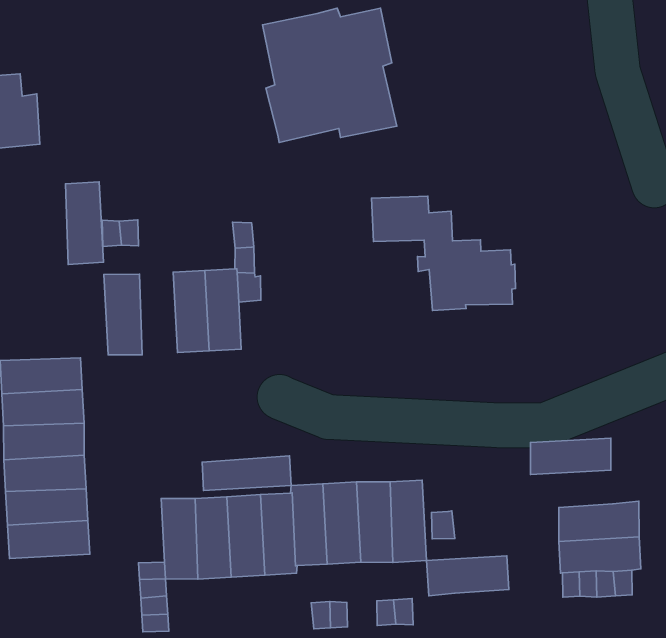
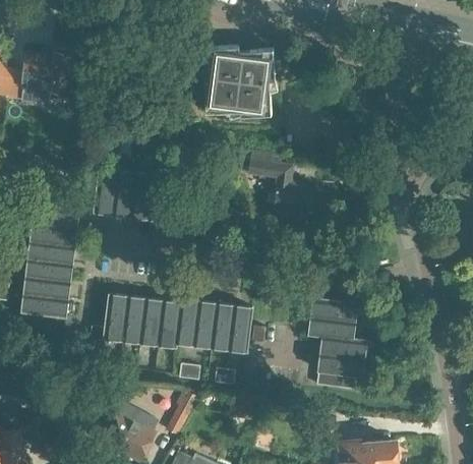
building: [66,182,104,265] -> [112,172,136,218]
building: [202,456,291,490] -> none
building: [426,556,509,596] -> [308,316,354,340]

